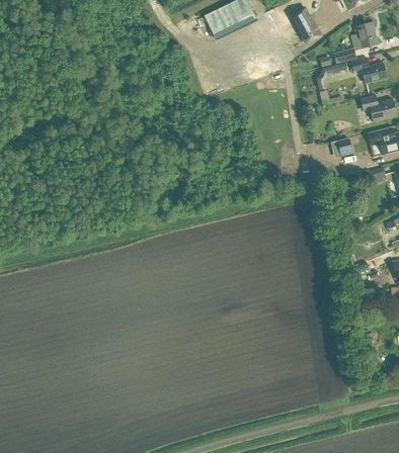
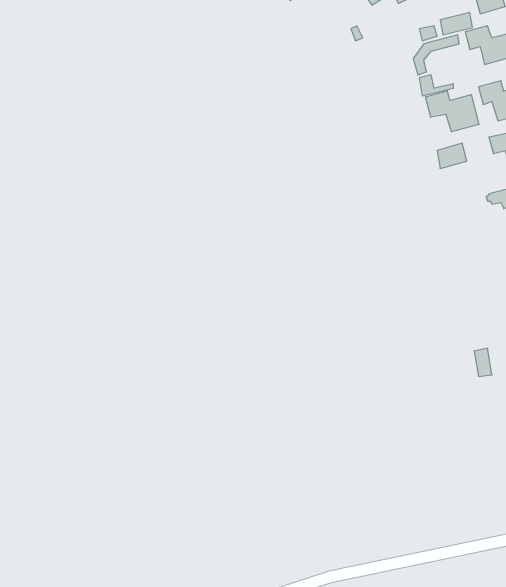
building: none -> [426,91,479,132]

